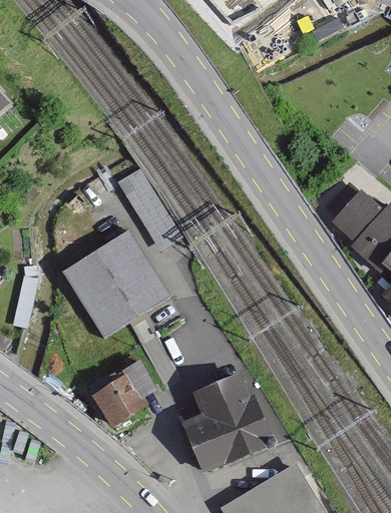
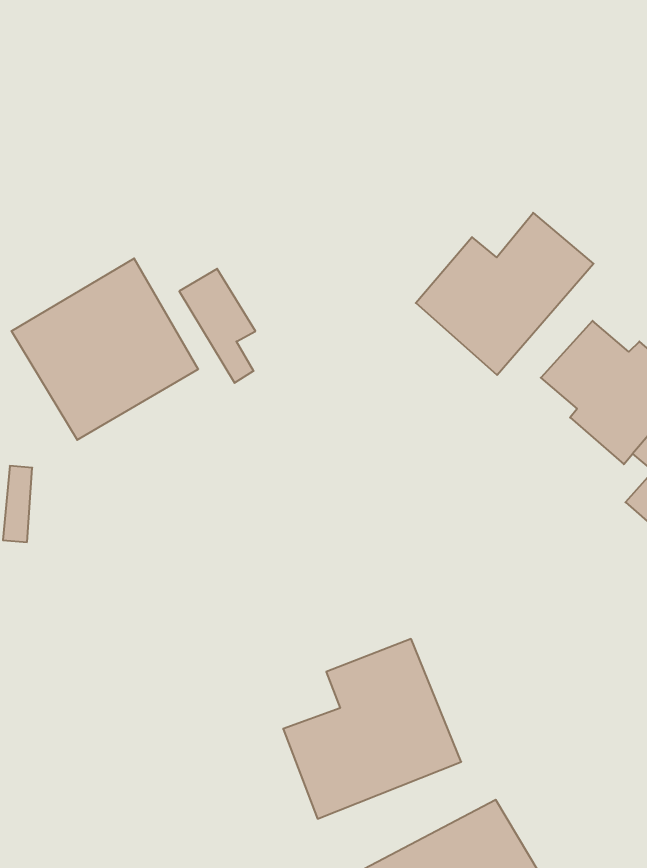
building: none -> [416,213,594,375]
building: [63,234,171,340] -> [11,258,198,440]
building: [95,363,159,427] -> none

